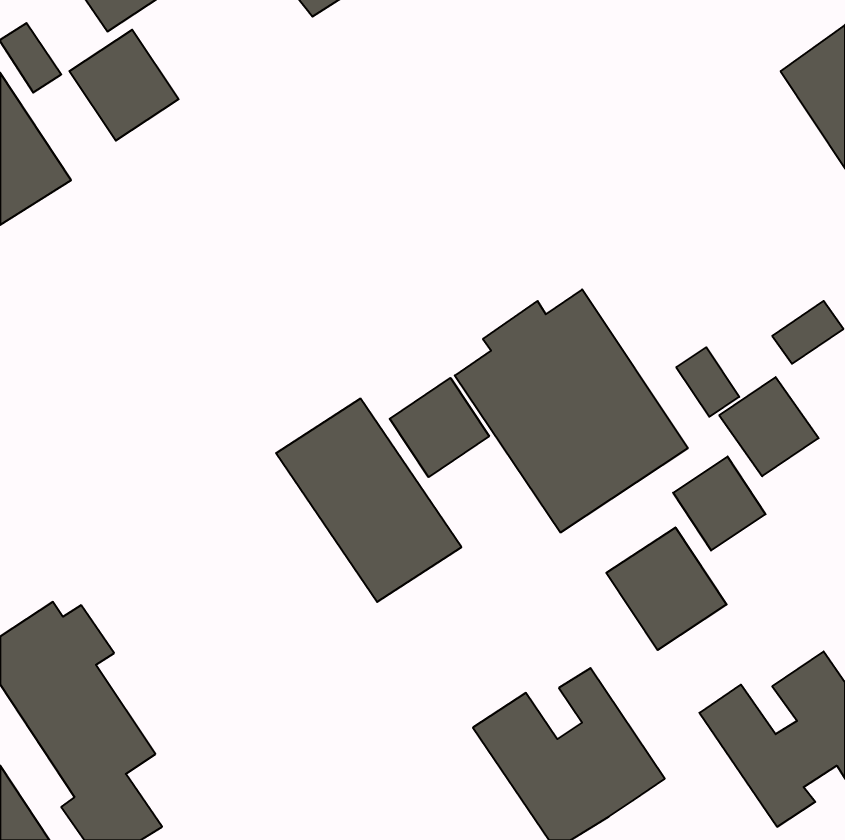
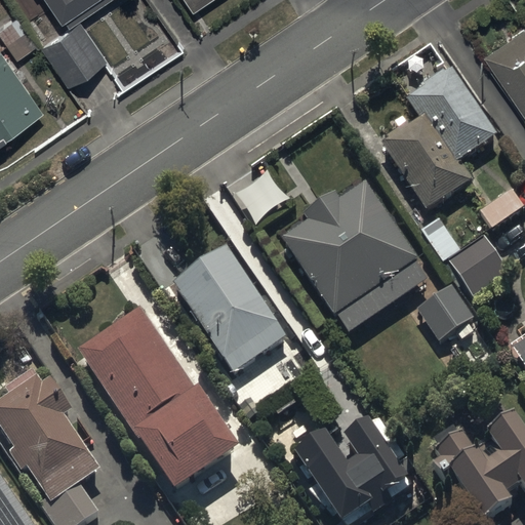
building: none -> [381,65,494,209]
building: [390,378,489,477] -> none
building: none -> [83,312,231,486]
building: [606,527,727,650] -> none

